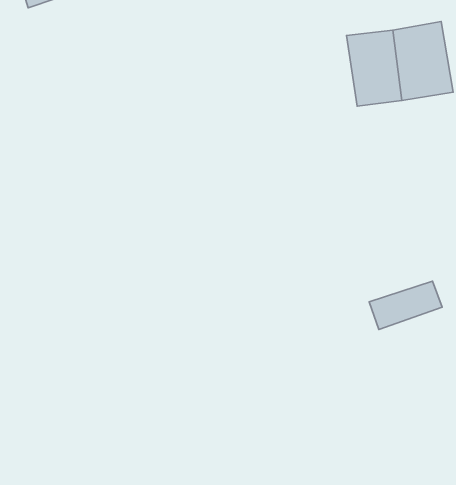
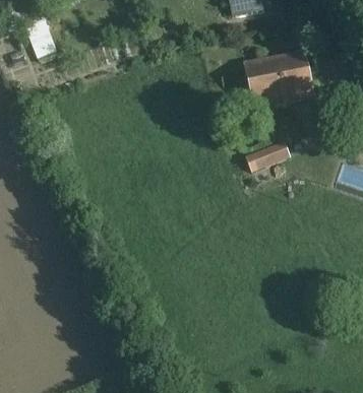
building: [369,281,442,329] -> [243,138,290,171]

